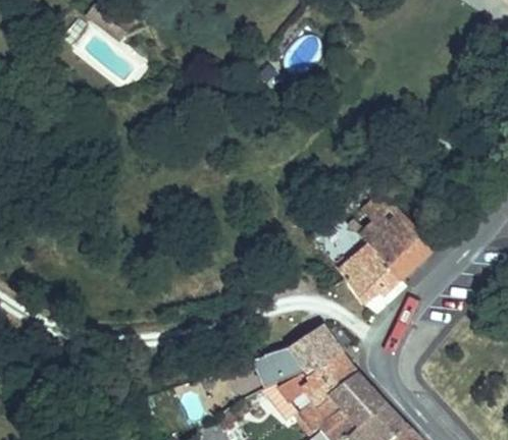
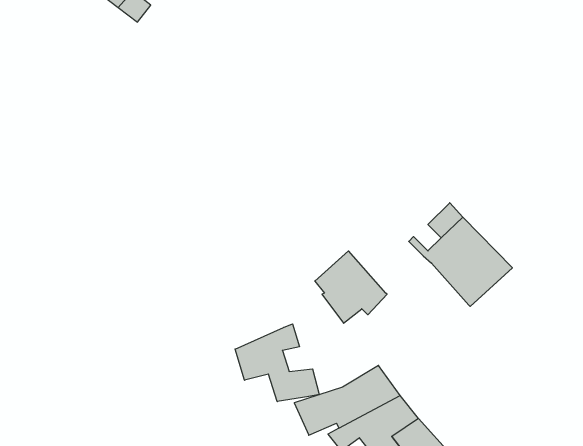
building: [339,243,400,305] -> [315,251,387,323]
building: none -> [235,324,319,402]

